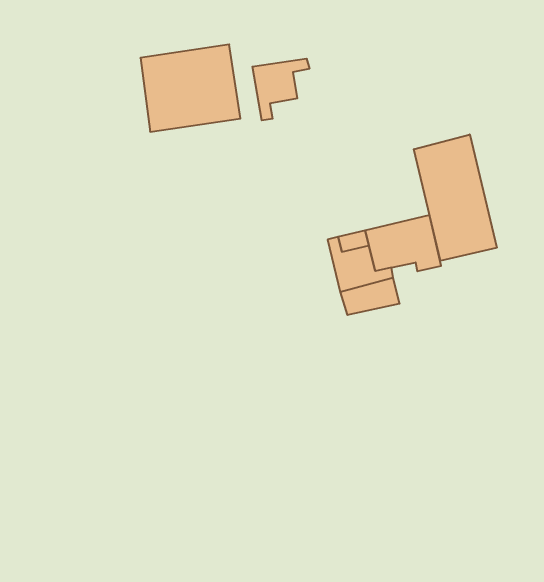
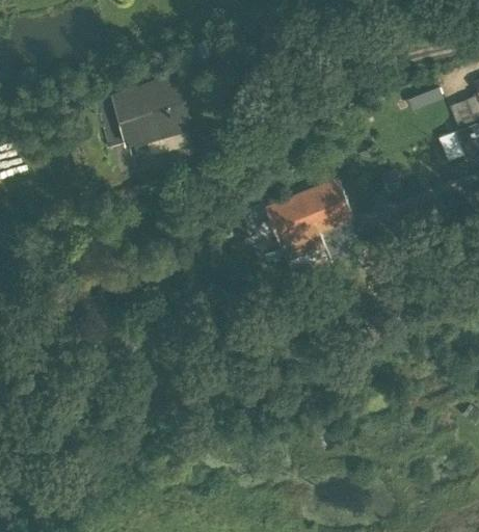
building: [252,59,309,120] -> none
building: [414,134,497,261] -> none

